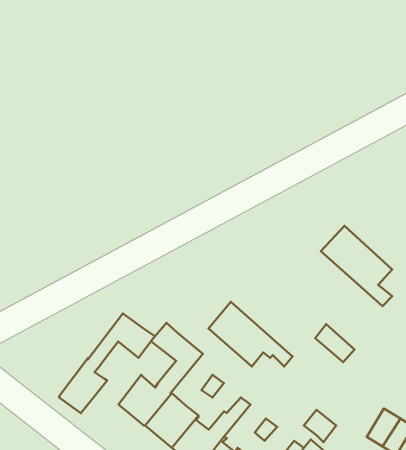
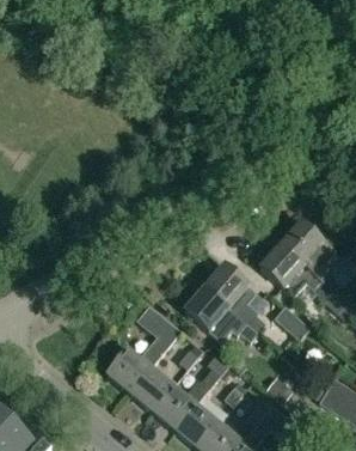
building: none -> [259,243,332,299]
building: none -> [203,263,263,333]
building: [59,314,155,413] -> none

